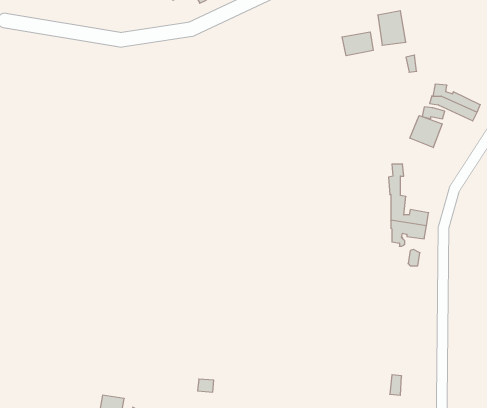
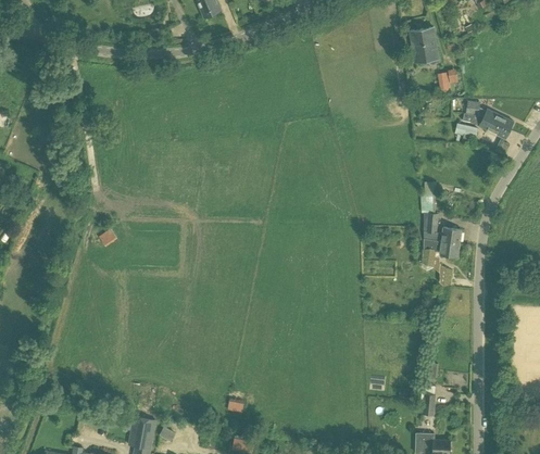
building: [342,32,373,56] -> none
building: [410,116,442,148] -> none

